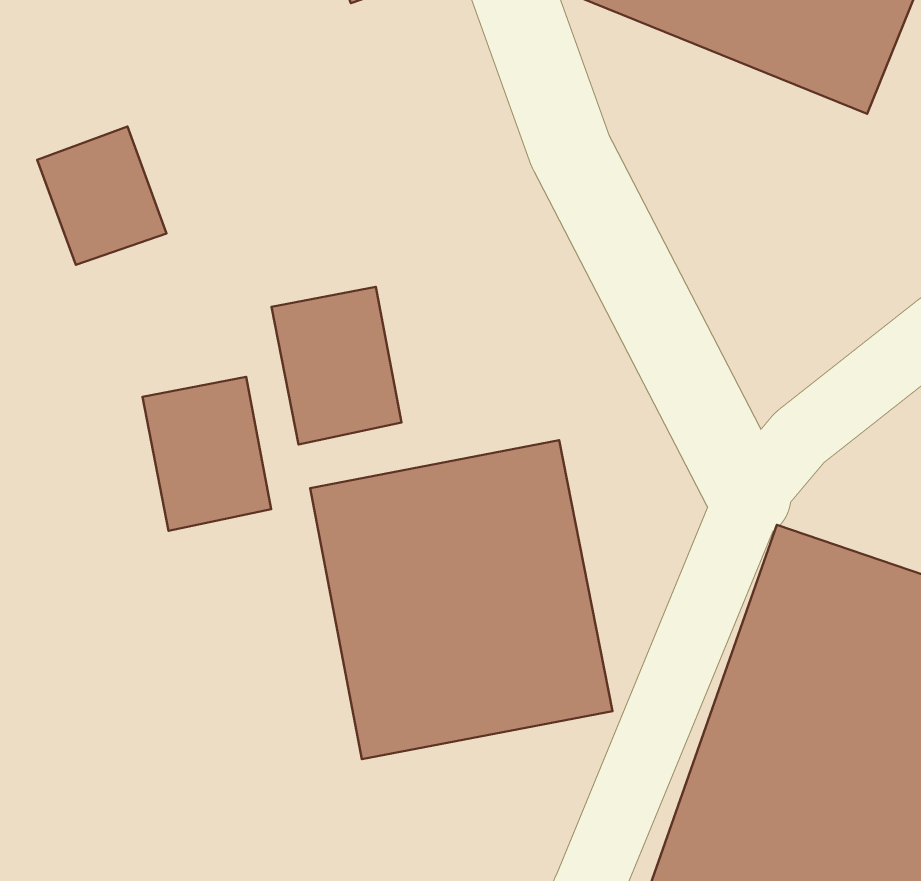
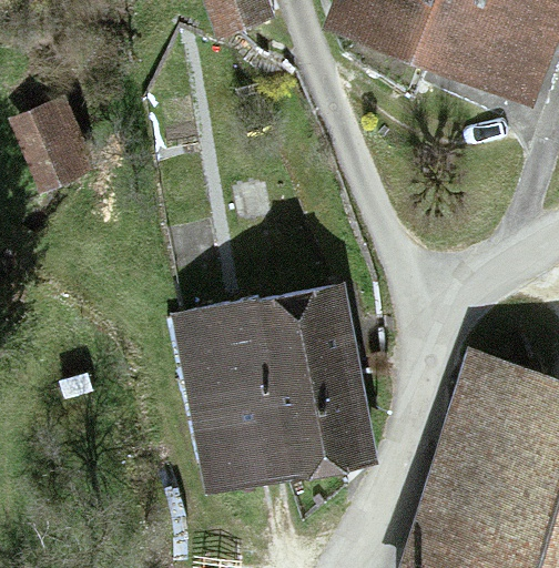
building: [272,287,402,445] -> none
building: [142,377,271,531] -> none

